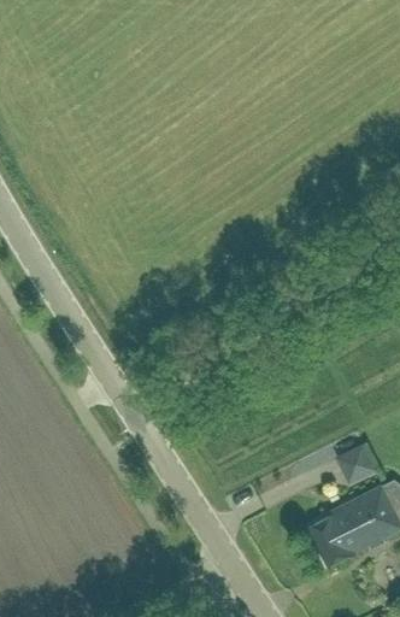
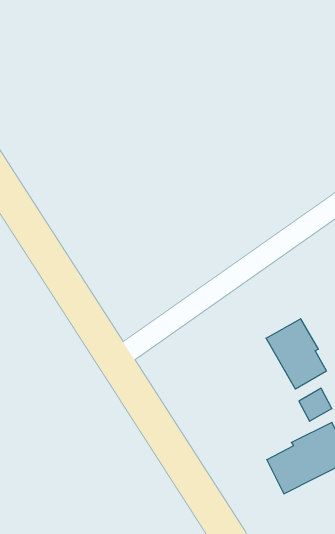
building: none -> [266,319,326,389]

